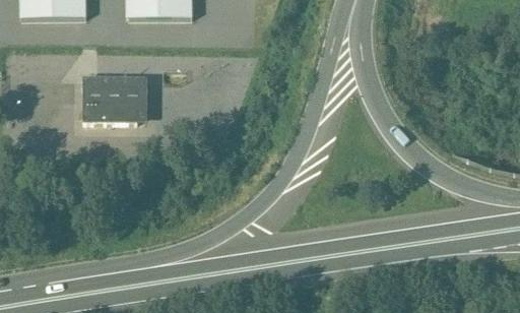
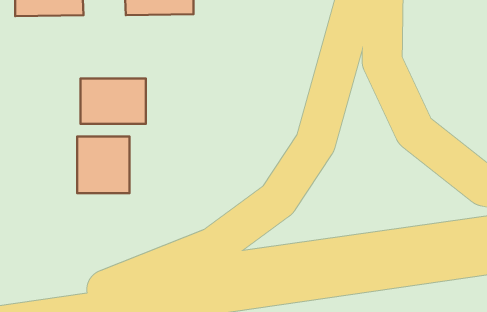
building: none -> [77,136,129,193]

